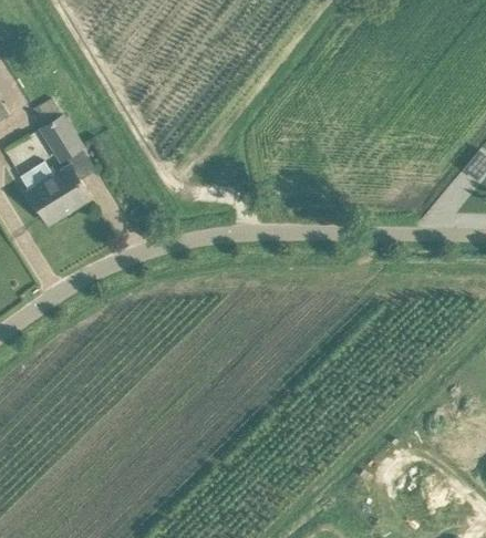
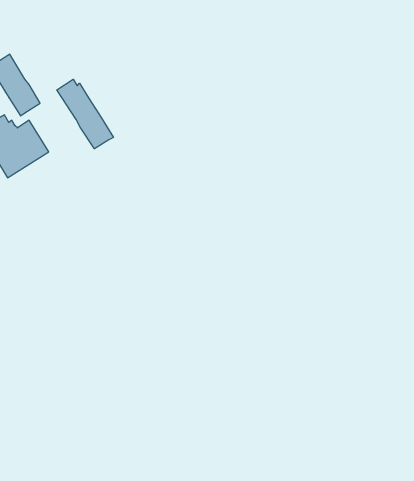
building: none -> [57,79,113,149]

